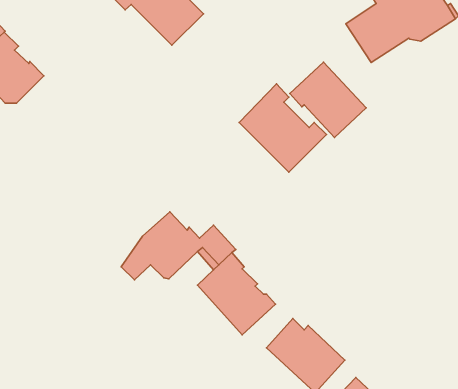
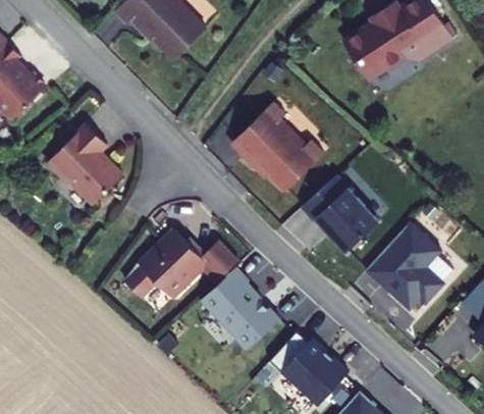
building: [290,62,366,137] -> [301,176,377,252]
building: none -> [46,125,122,206]
building: none -> [365,224,441,311]

